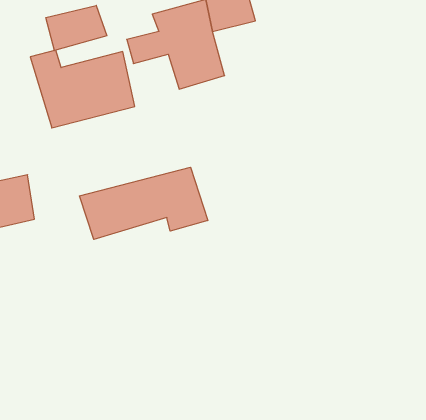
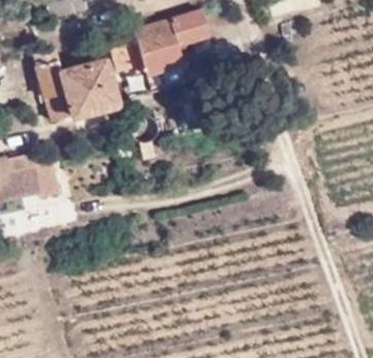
building: [46,5,107,51] -> none
building: [79,167,208,239] -> none

